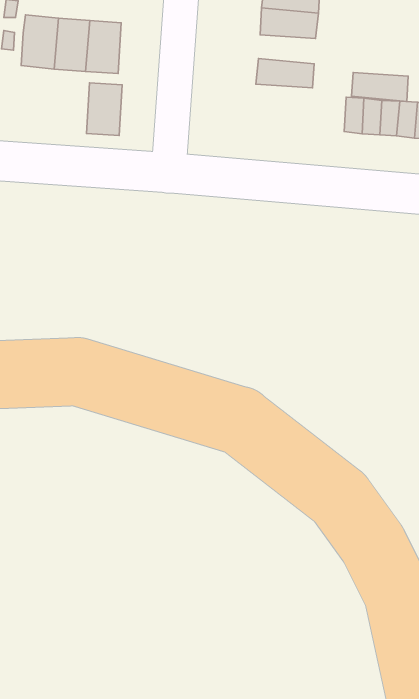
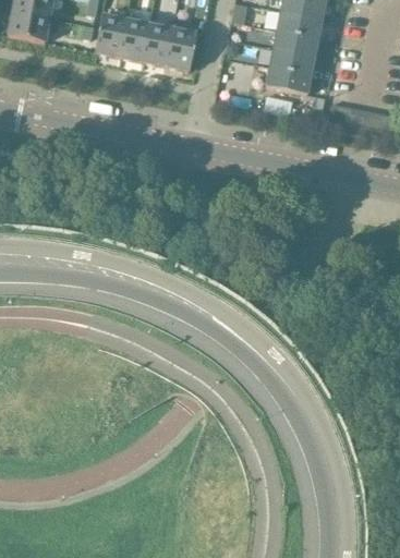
building: [351,72,408,102] -> [271,48,315,74]
building: [86,83,122,136] -> [167,27,197,69]

